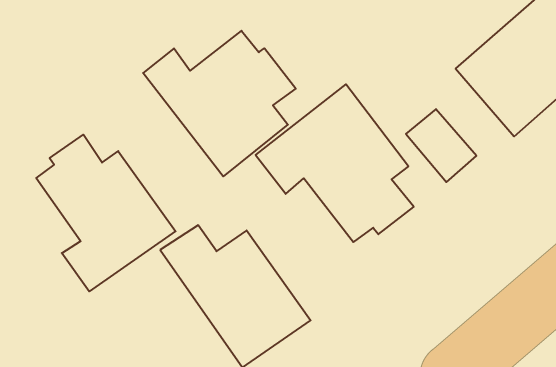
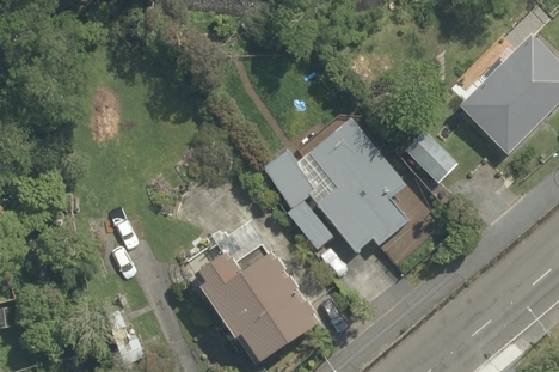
building: [143,31,296,176] -> none
building: [36,135,176,291] -> none

